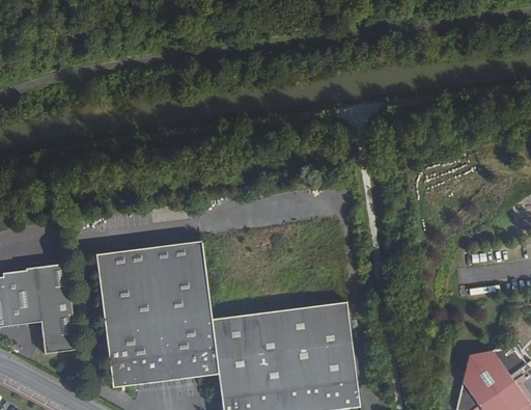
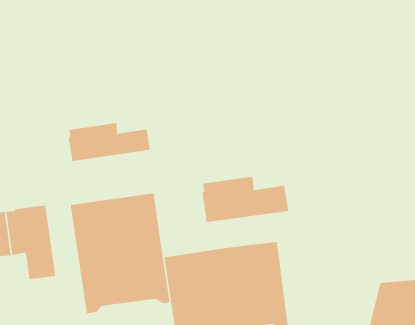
building: none -> [68,122,151,162]
building: none -> [202,176,289,223]

